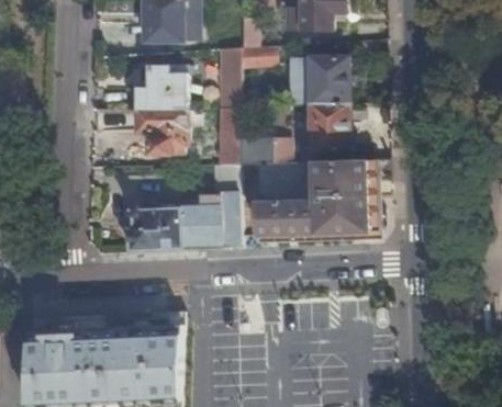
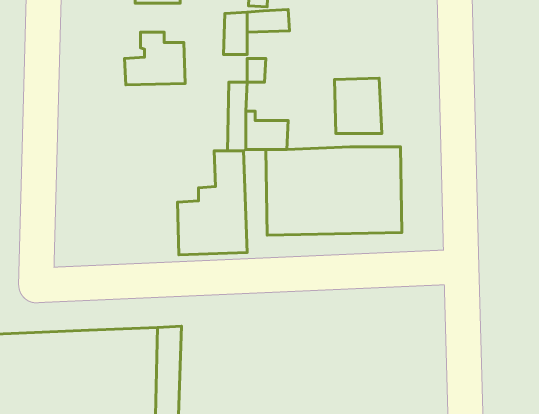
building: [289,56,348,104] -> none
building: [137,106,188,152] -> none
building: [124,202,181,251] -> none

